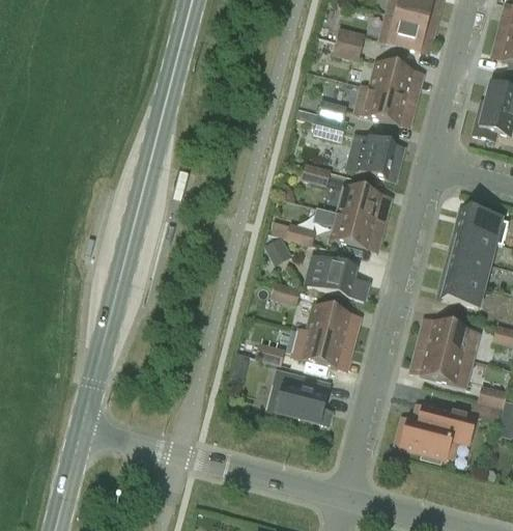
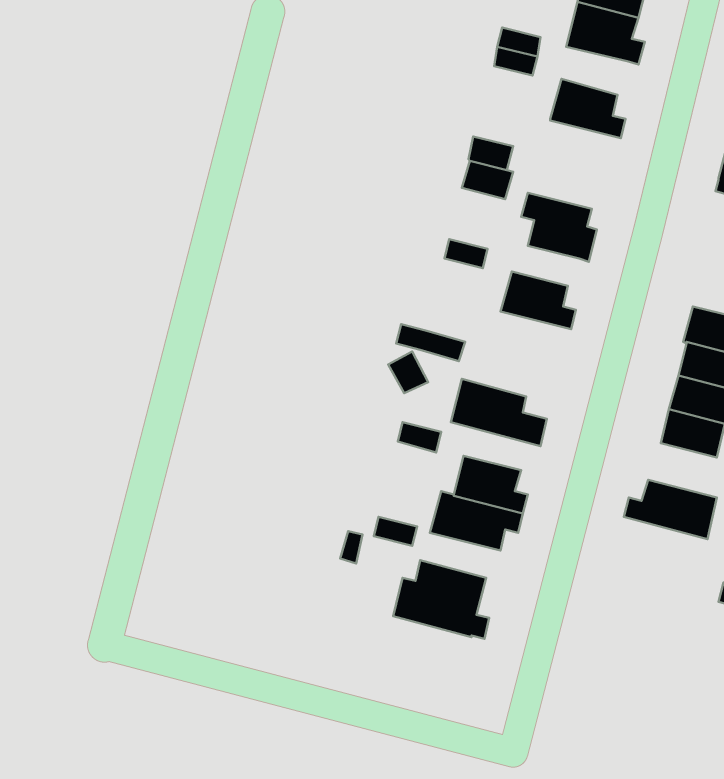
building: [355,85,416,123] -> none
building: [314,206,383,247] -> none
building: [415,344,472,385] -> none
building: [400,404,476,462] -> none

